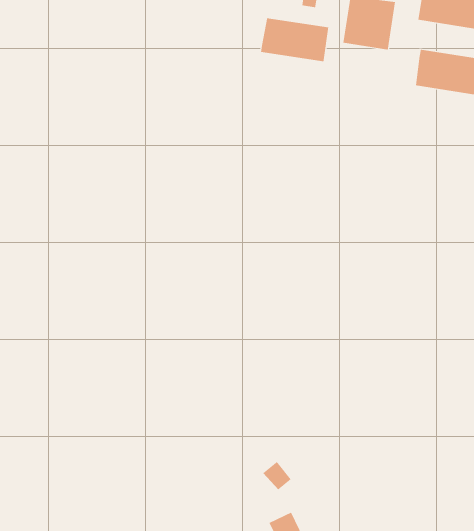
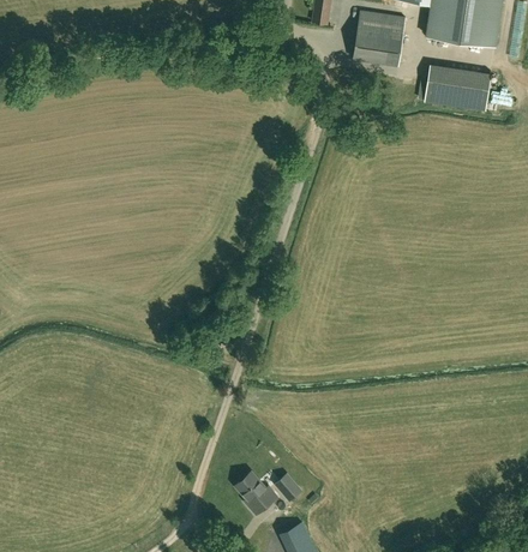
building: [260,17,329,62] -> none
building: none -> [236,473,276,514]

